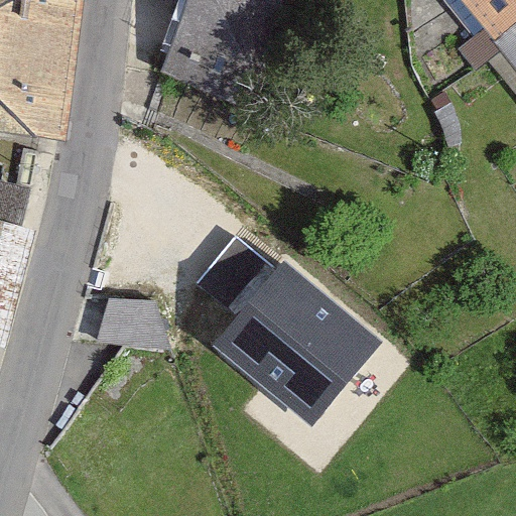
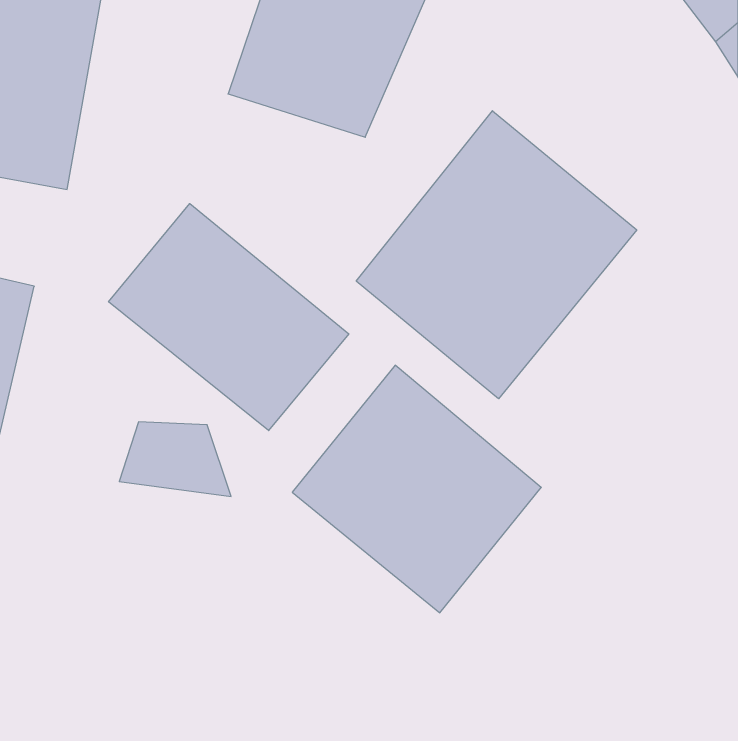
building: none -> [356,111,637,399]
building: none -> [109,204,349,431]

